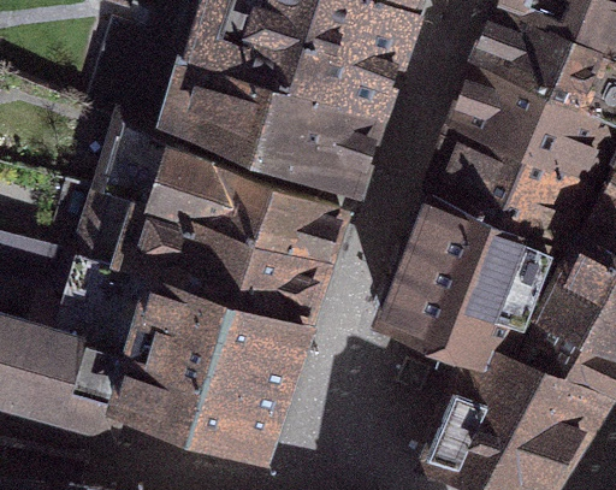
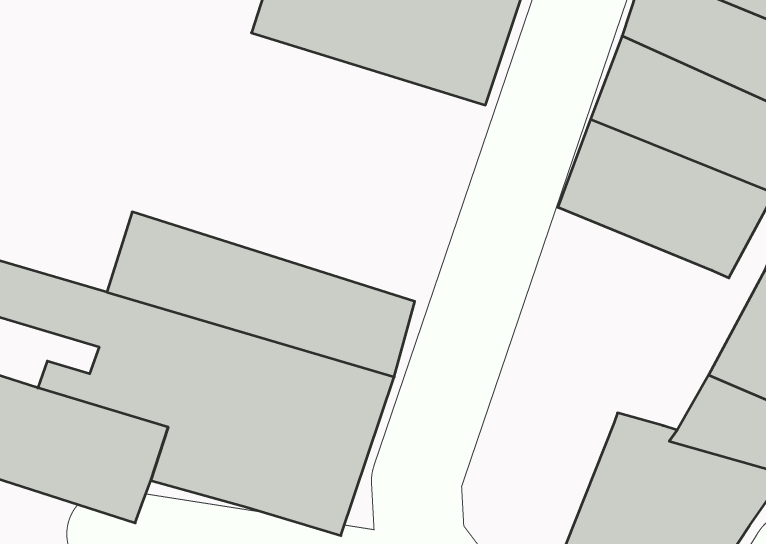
building: [176,64,377,197] -> none
building: [106,141,339,270] -> none
building: [383,197,550,365] -> none

